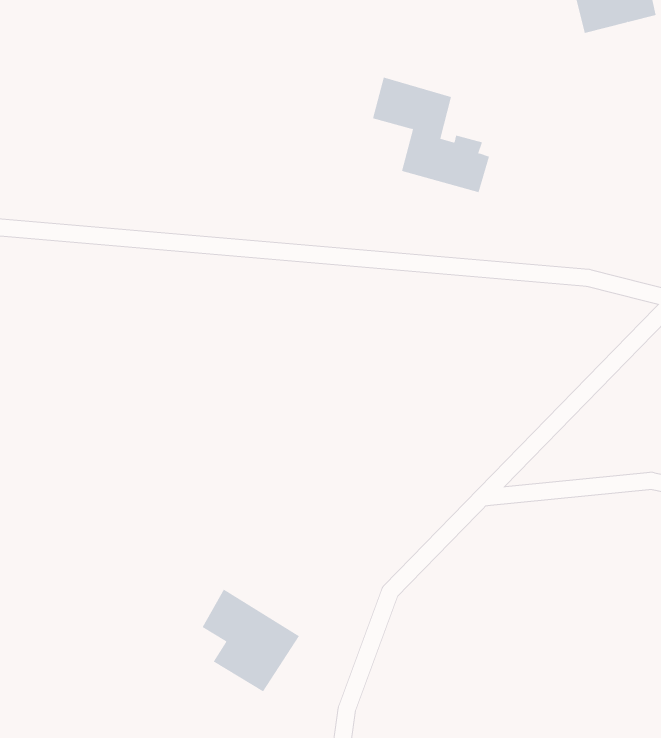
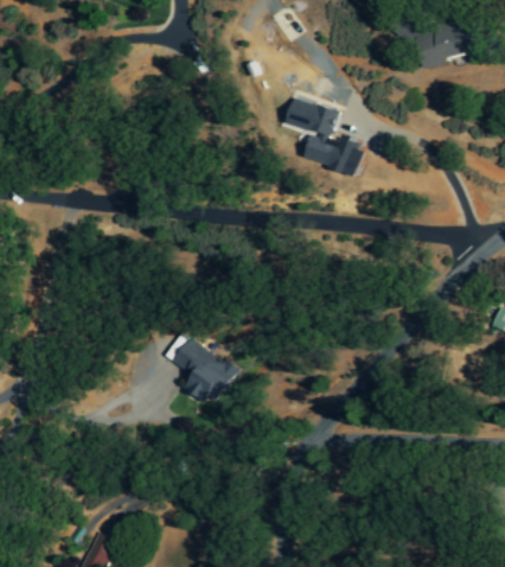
building: [202,589,300,692] -> [174,336,238,403]

